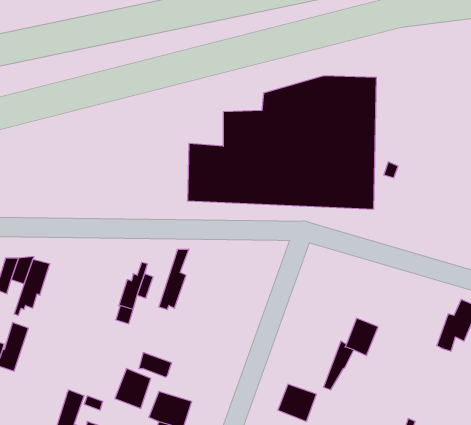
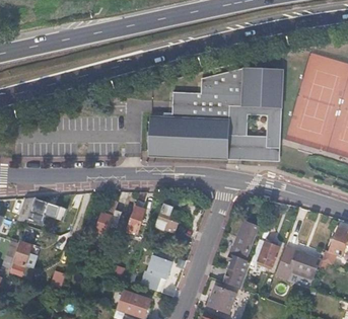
building: none -> [156,202,183,231]
building: none -> [226,219,260,288]
building: none -> [276,250,317,278]
building: [115,368,151,409] -> [146,256,171,285]

